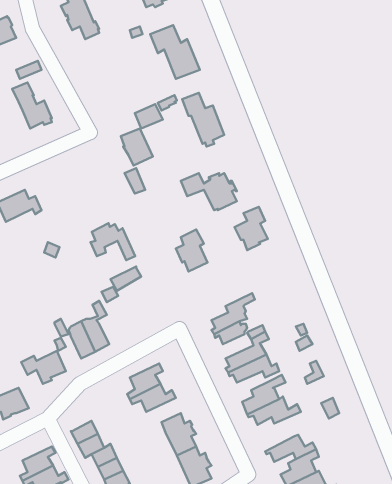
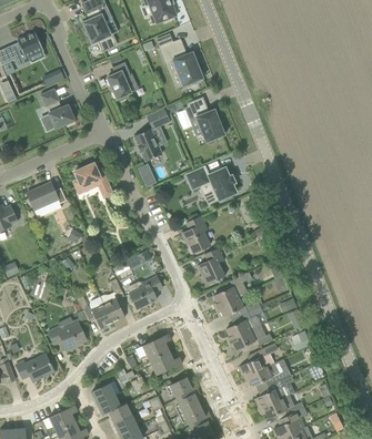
building: none -> [107,62,131,101]
building: [234,207,268,250] -> [197,247,225,285]
building: [91,223,135,260] -> [73,164,112,196]
building: none -> [128,275,162,308]
building: none -> [254,375,293,409]

